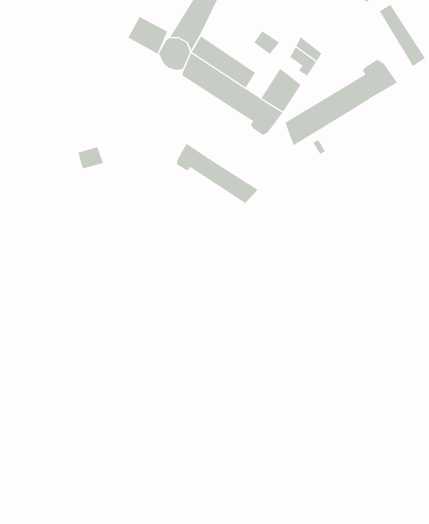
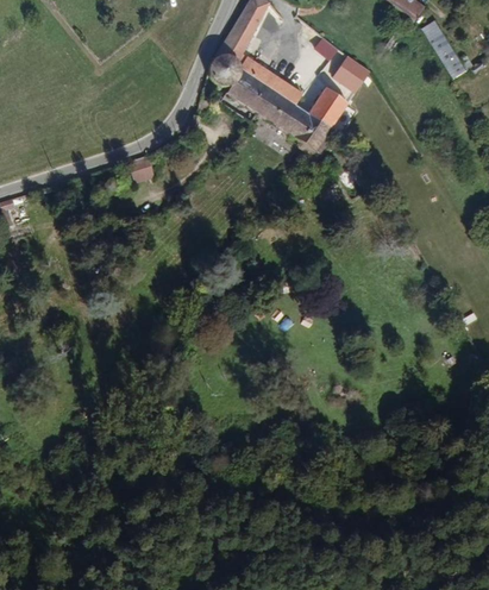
building: [127,16,168,54] -> none
building: [285,59,398,146] -> none
building: [177,143,258,204] -> none

